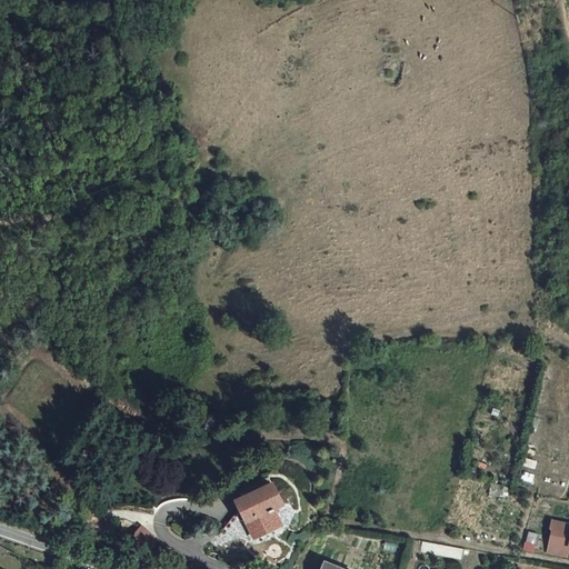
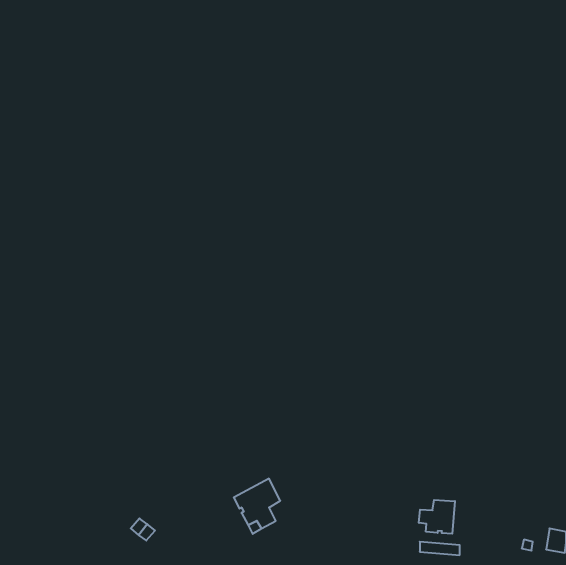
building: none -> [419,500,455,534]

